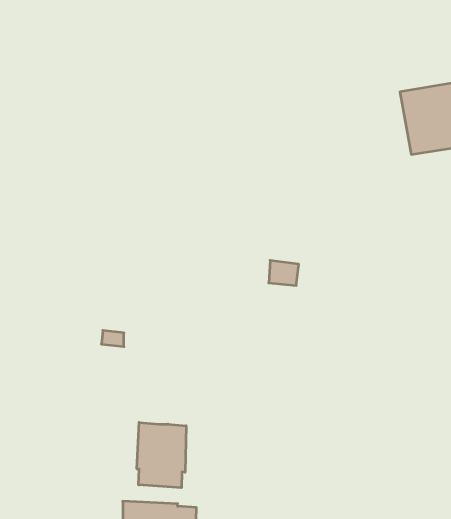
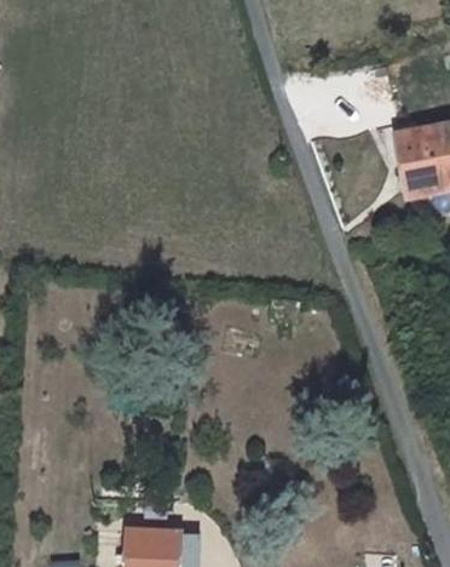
building: [137,422,186,488] -> none

